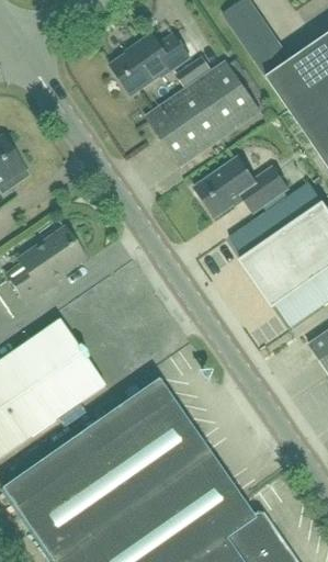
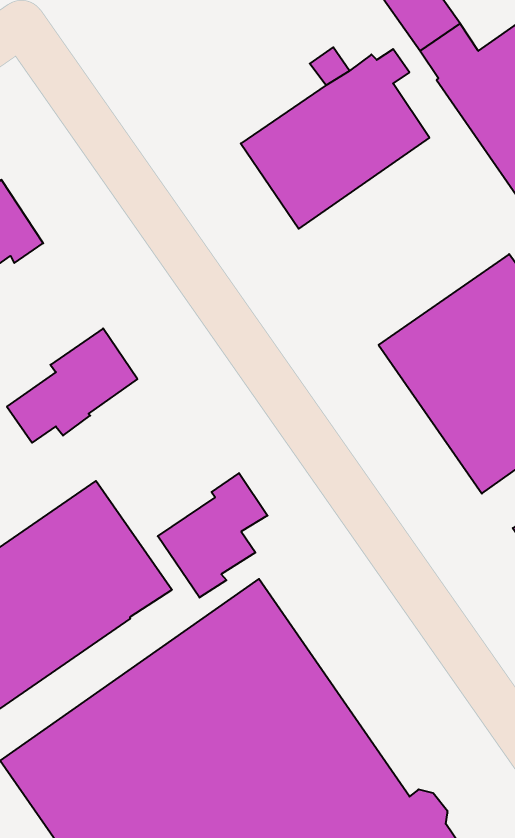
building: [112,33,191,94] -> none
building: [196,156,289,216] -> none
building: none -> [158,473,268,598]

